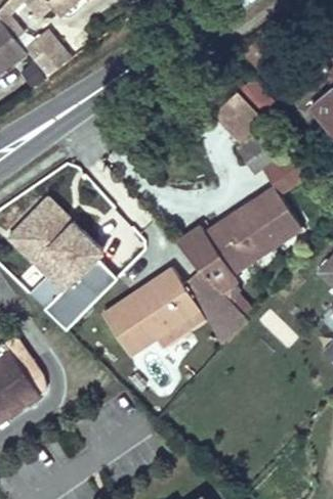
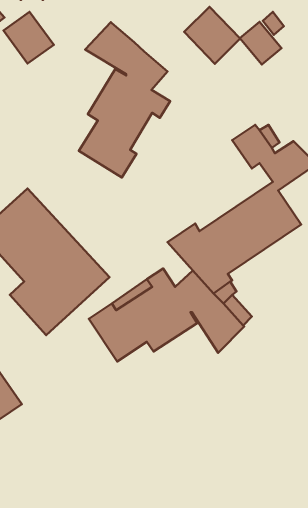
building: none -> [79,22,170,178]
building: [214,90,266,143] -> [184,7,240,64]

